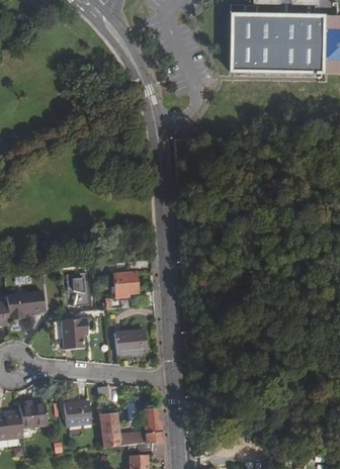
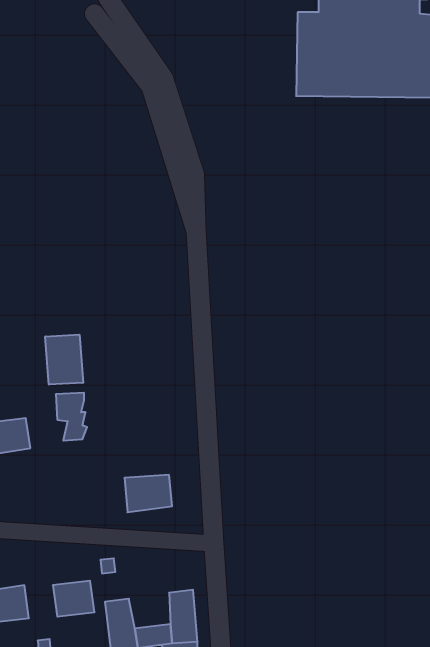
building: none -> [45,335,83,385]
building: [112,271,136,298] -> none
building: [52,317,86,349] -> none

